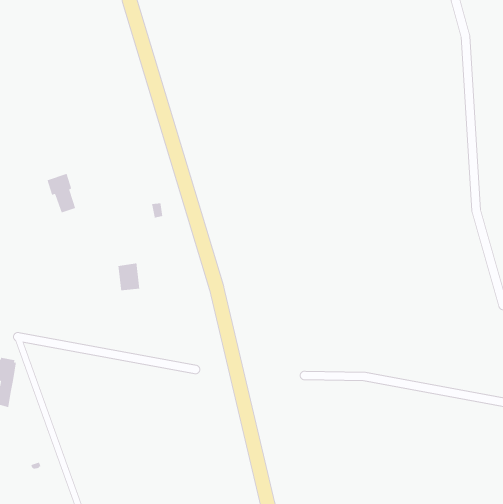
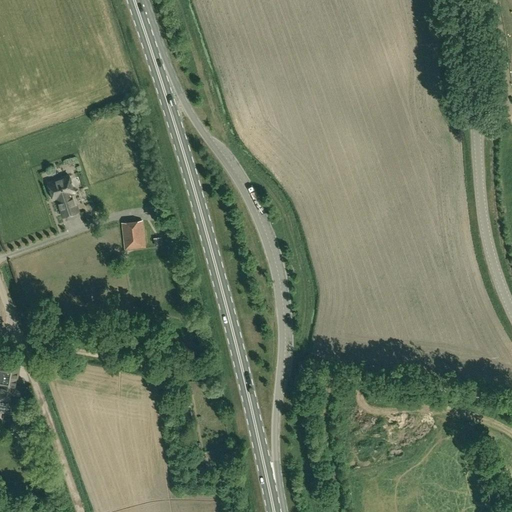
building: [117,263,140,291] -> [121,221,144,250]

